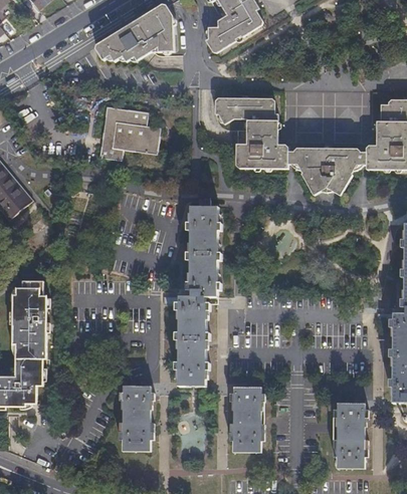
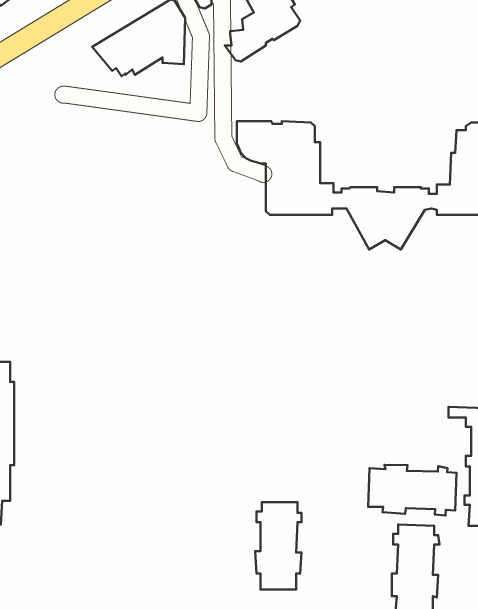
building: [99,105,161,160] -> none
building: [162,199,222,386] -> none
building: none -> [368,465,456,515]
building: [119,384,154,450] -> none

